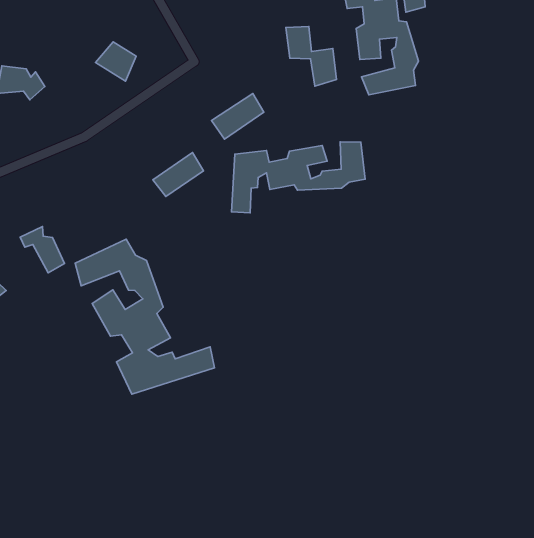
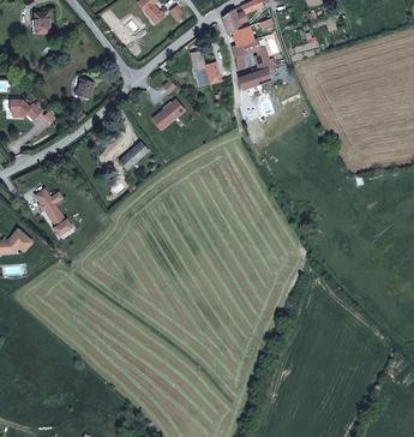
building: [232,142,365,213] -> none
building: [75,239,214,394] -> none

